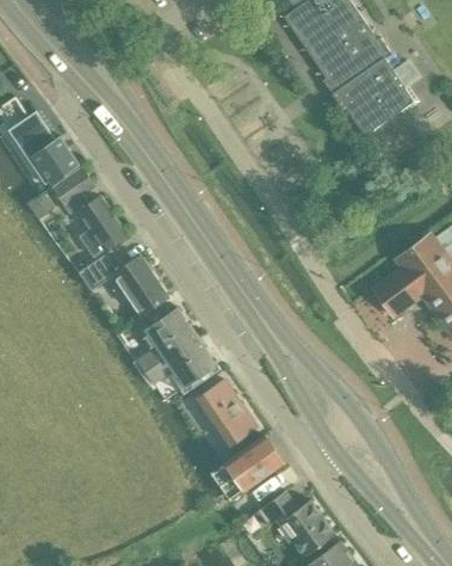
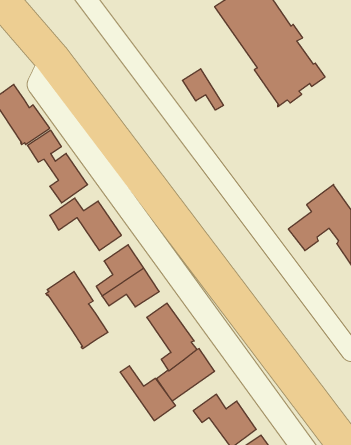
building: none -> [182,69,223,110]
building: none -> [46,271,108,349]
building: none -> [120,366,175,421]

